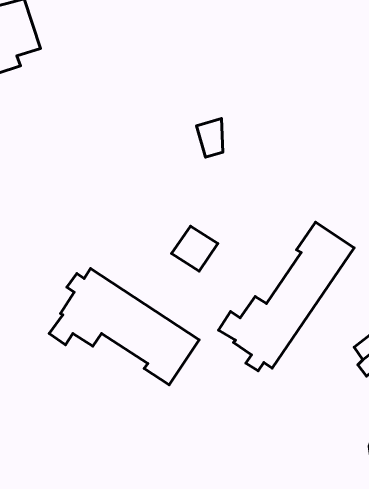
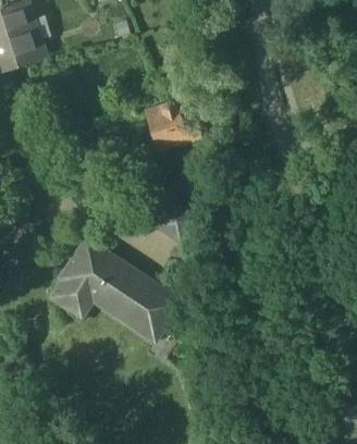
building: none -> [145,104,186,155]
building: [218,222,354,371] -> none

